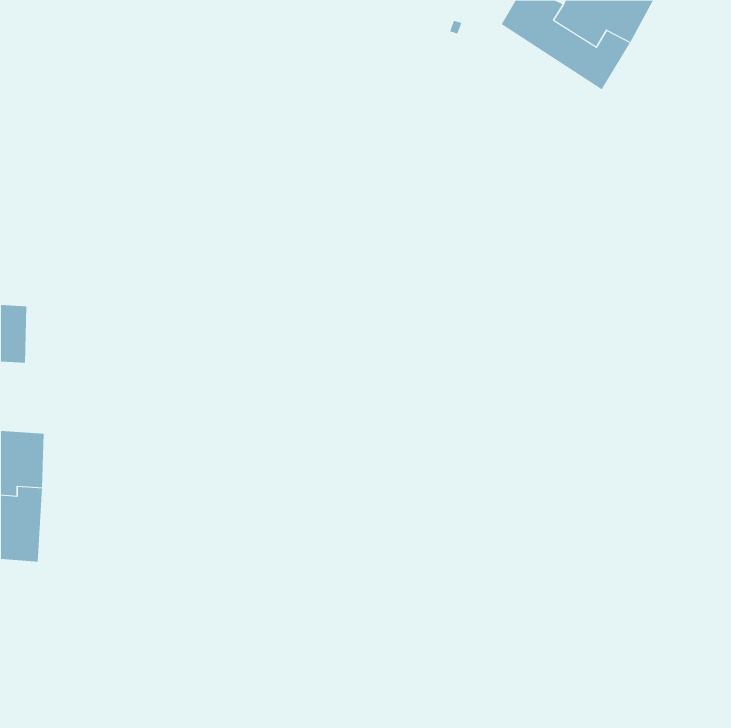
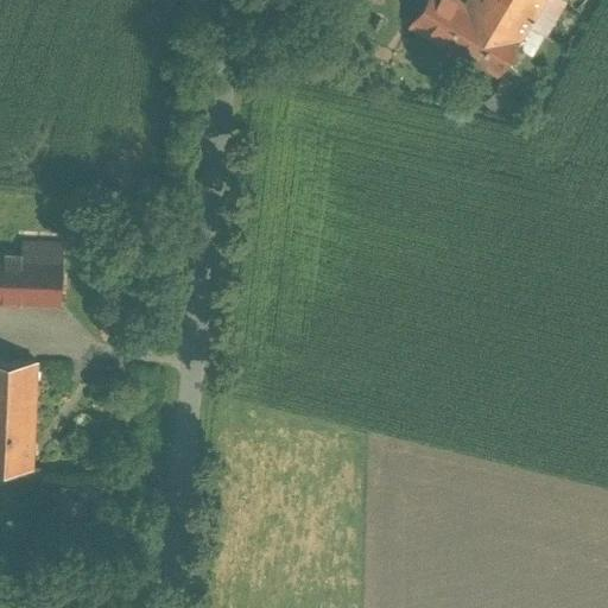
building: none -> [21,242,64,305]

